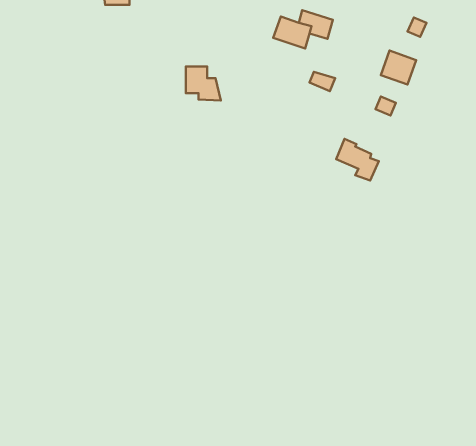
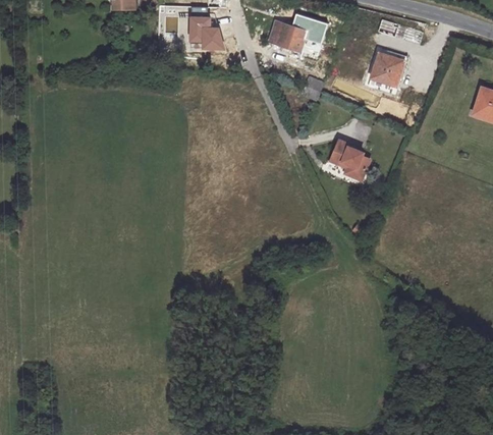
building: [186,67,221,101] -> [190,17,224,50]

